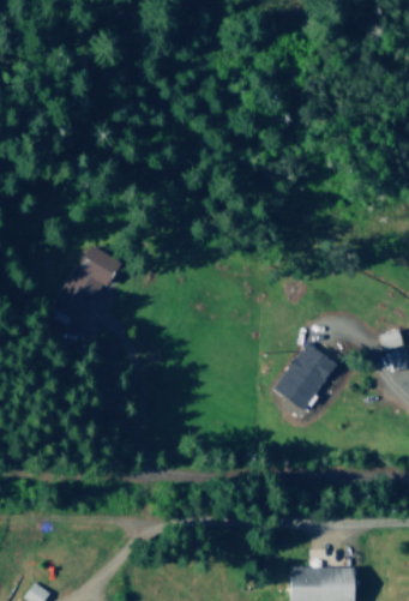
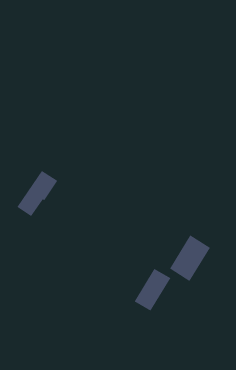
building: none -> [134,268,171,311]

